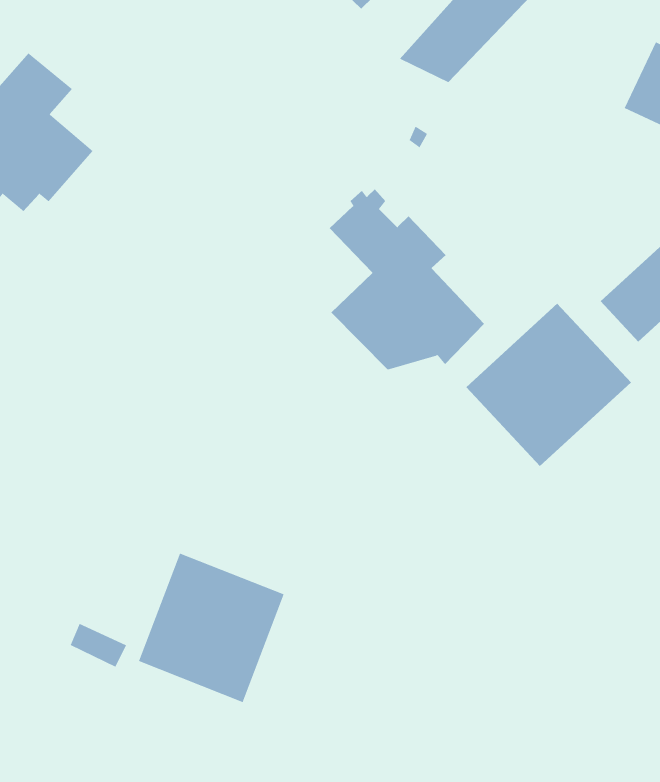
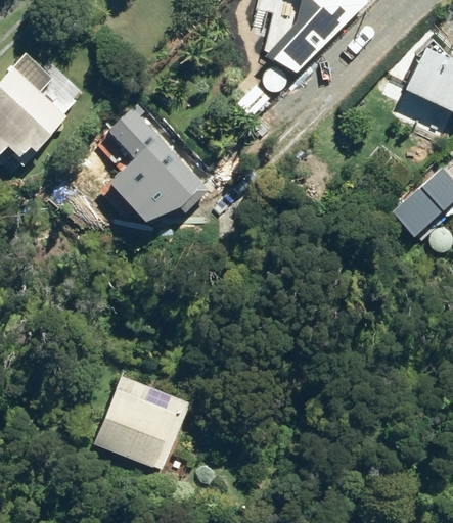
building: [329,188,485,370] -> [107,103,208,220]
building: [465,303,632,467] -> none

